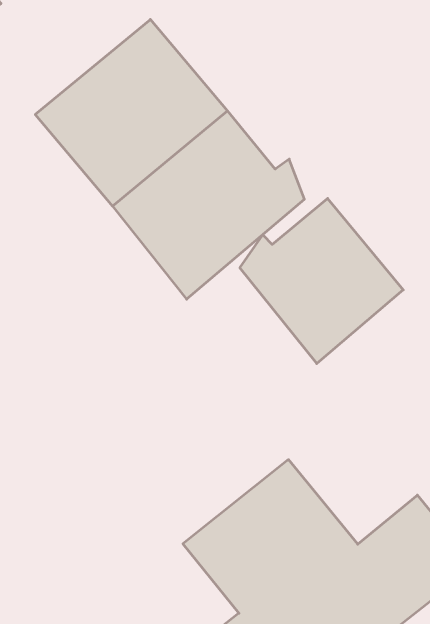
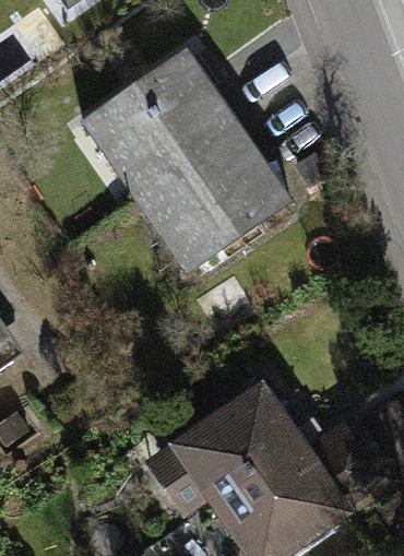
building: [240,198,403,364] -> none

